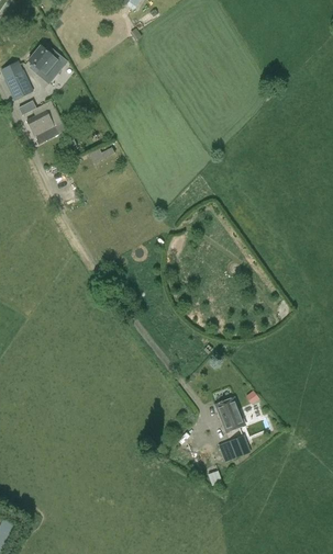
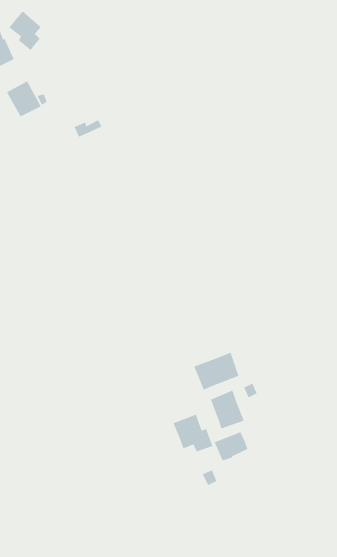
building: none -> [193,352,239,390]
building: none -> [173,414,213,452]

